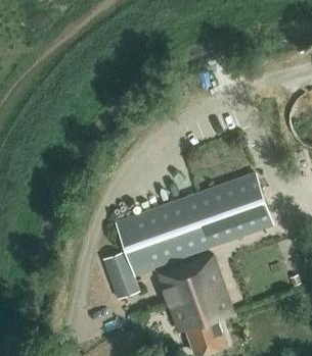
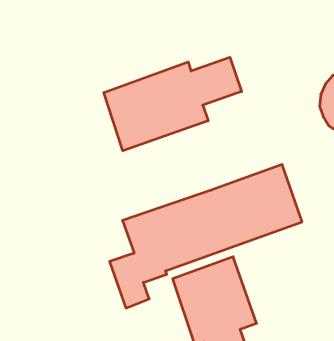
building: none -> [104,57,242,151]

